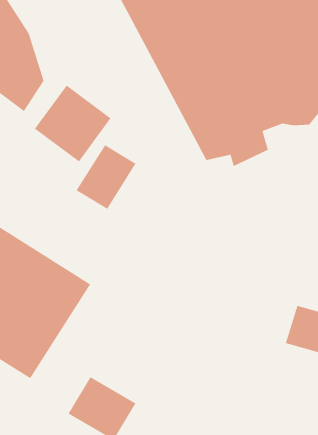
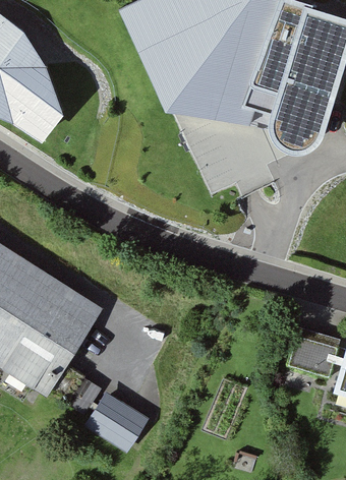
building: [34,84,112,163] -> none
building: [76,144,137,210] -> none

